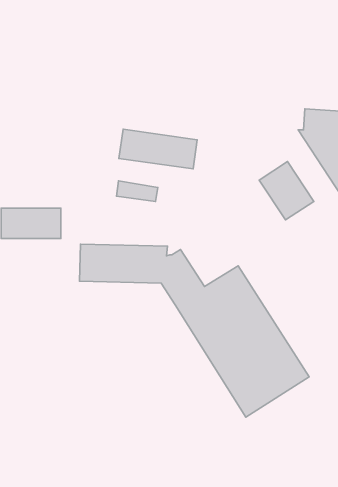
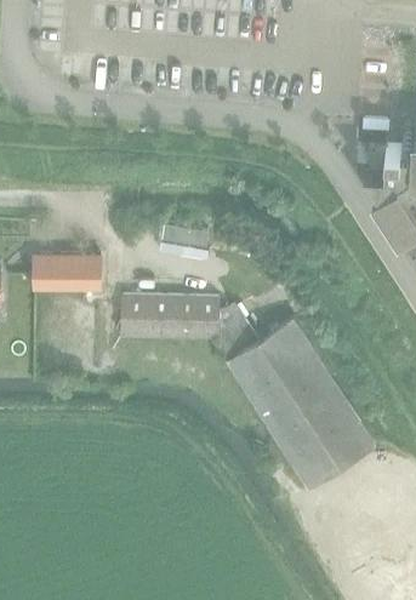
building: [119,129,197,169] -> none
building: [259,161,314,220] -> none

